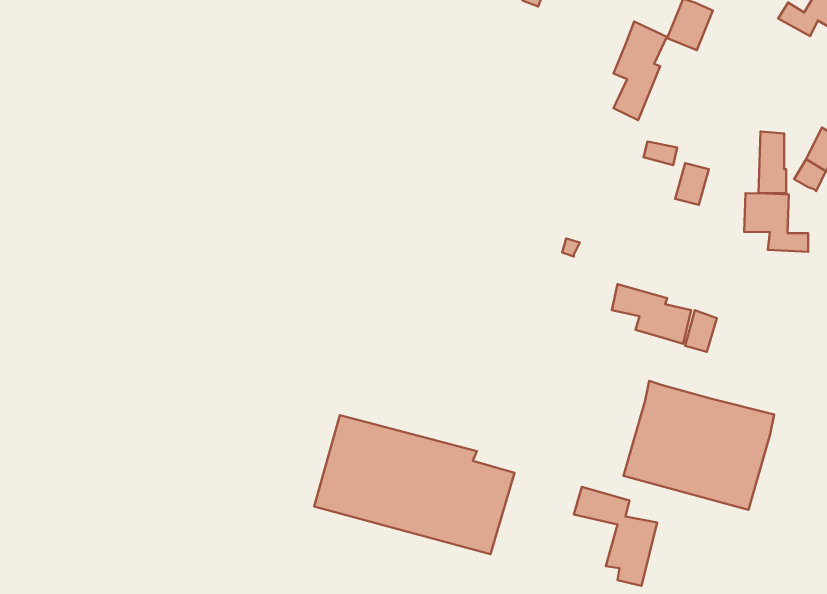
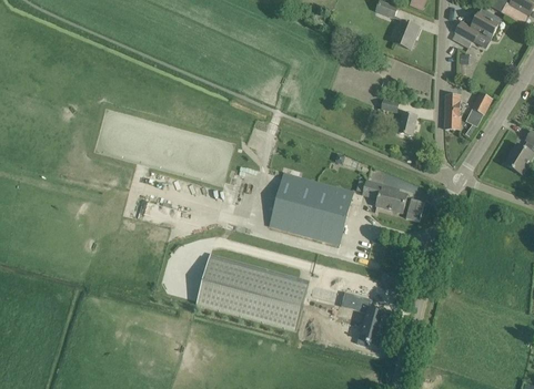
building: [613,22,667,120] -> none
building: [744,193,808,252] -> none
building: [623,381,774,510] -> [268,172,352,244]

